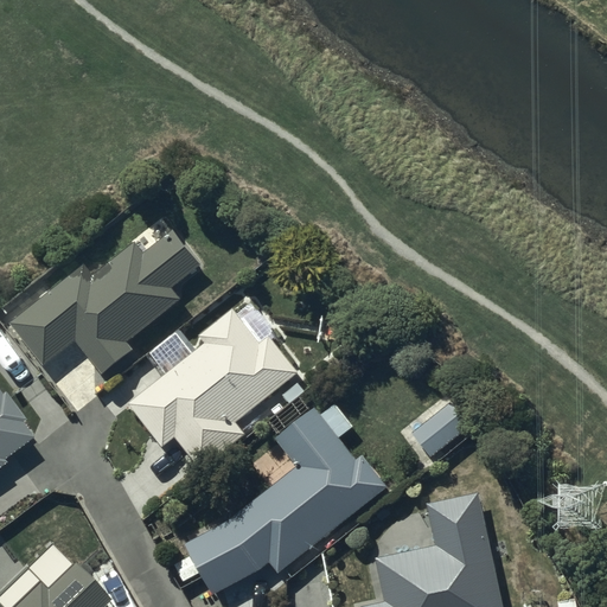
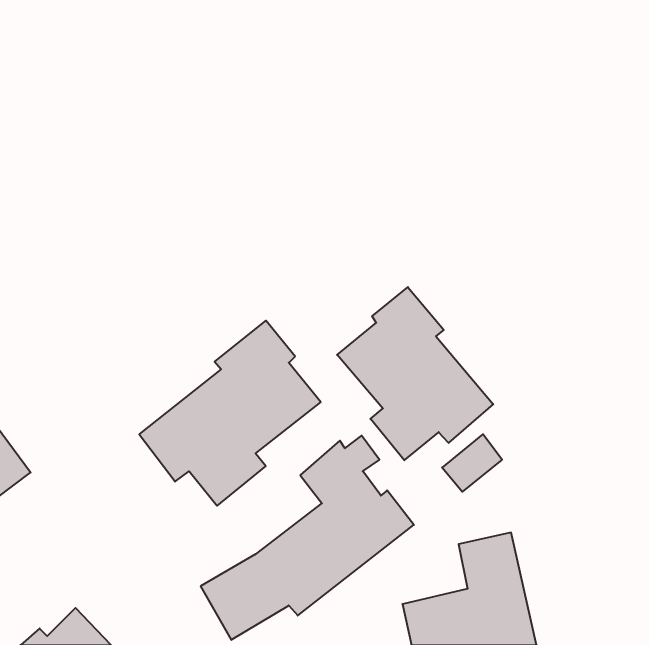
building: [11,230,200,375] -> none
building: none -> [337,287,493,460]

